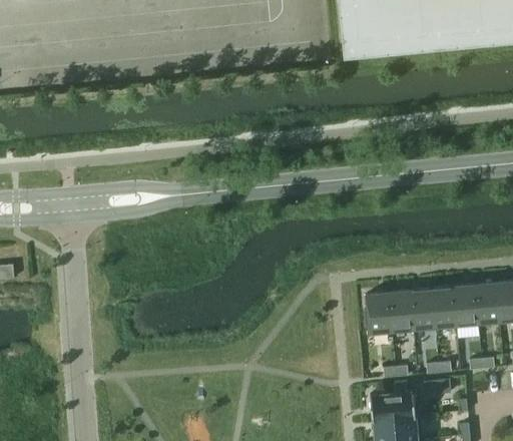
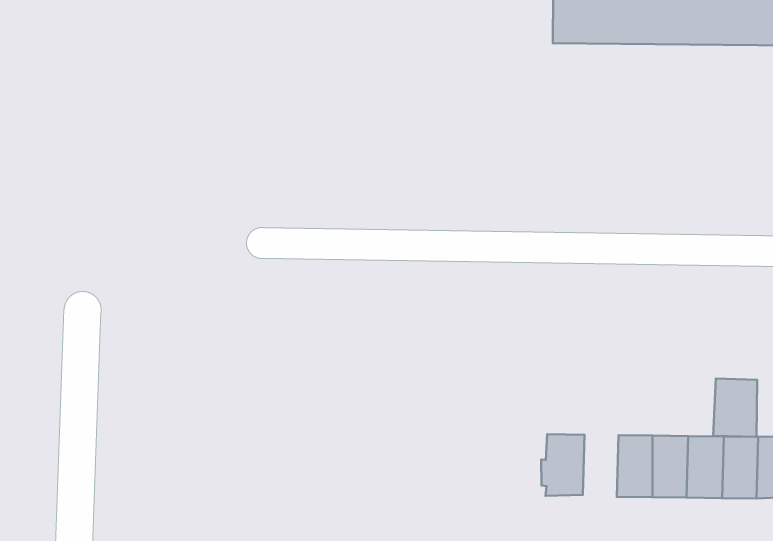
building: none -> [713,379,757,437]
building: [389,291,413,330] -> none

